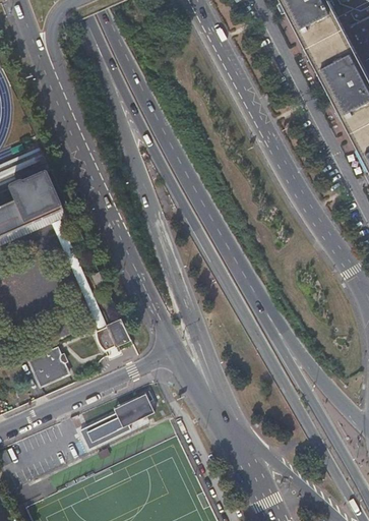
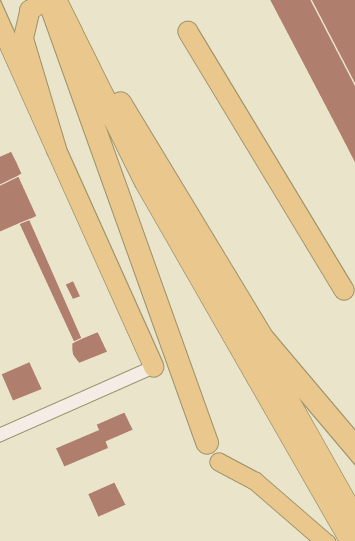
building: none -> [88,482,126,517]

